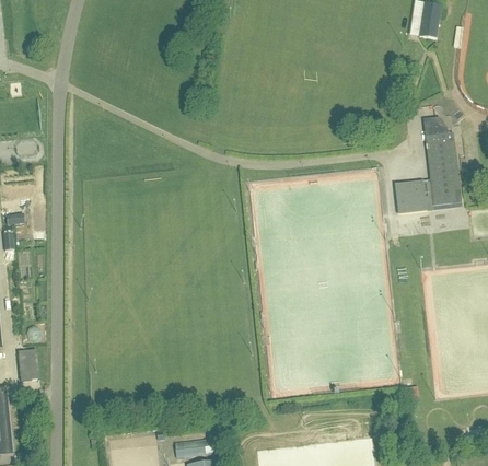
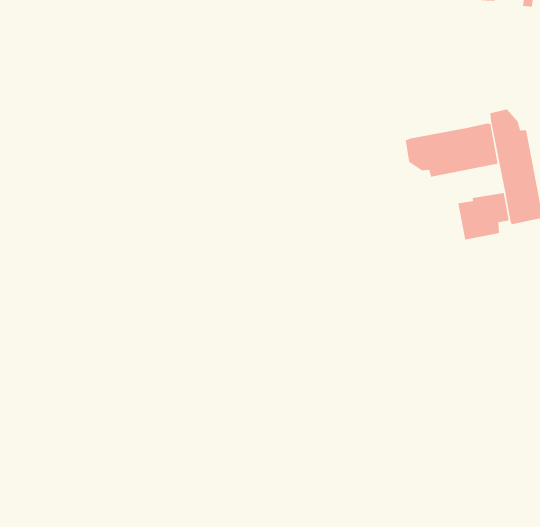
building: none -> [405,123,498,178]

